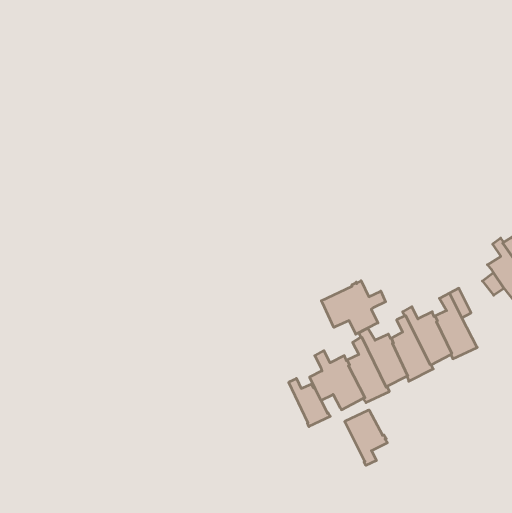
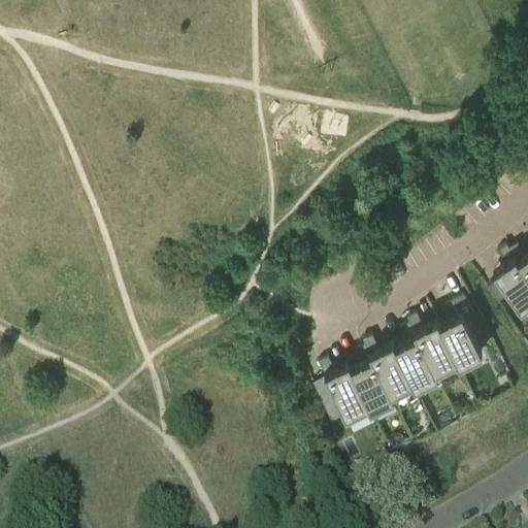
building: [321,281,386,334] -> none
building: [289,378,330,427] -> none
building: [345,410,387,465] -> none

